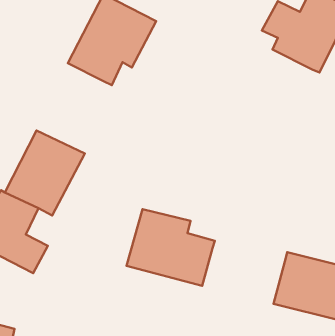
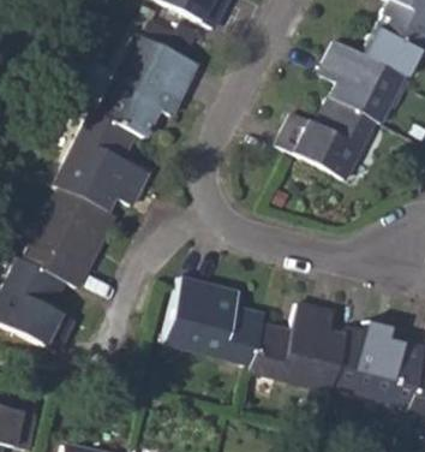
building: none -> [275,95,376,179]
building: none -> [54,109,149,210]
building: none -> [249,302,346,392]

